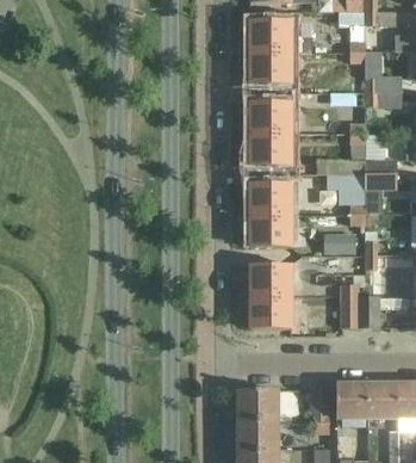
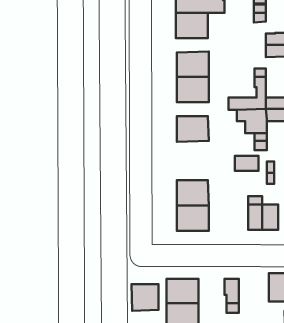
building: [250,214,291,246] -> none
building: [336,382,367,418] -> none
building: none -> [132,284,159,311]

